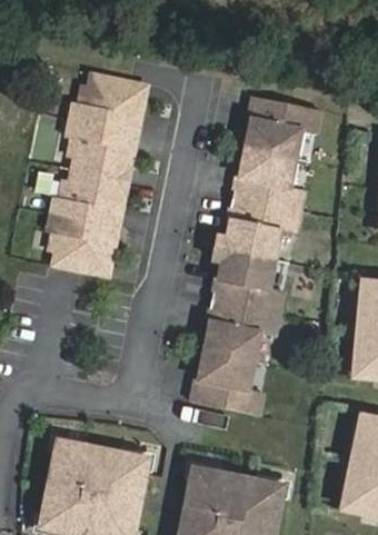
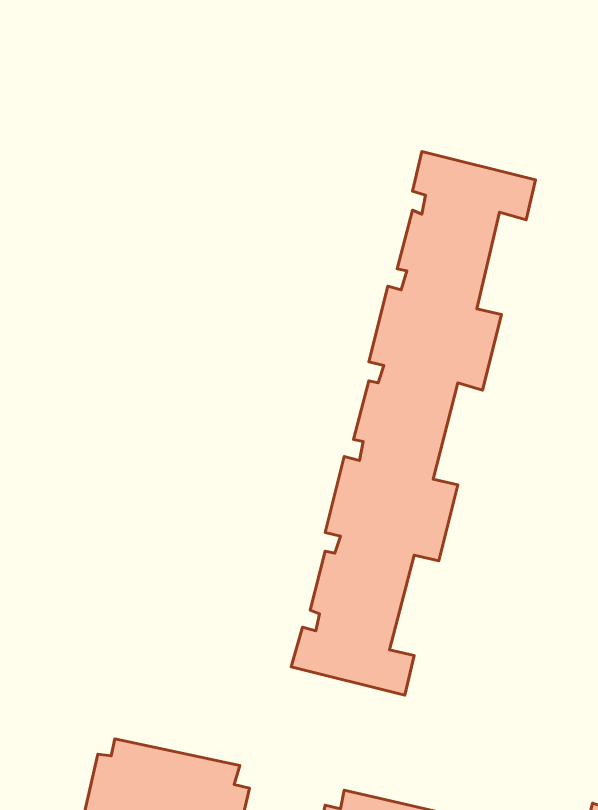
building: [41,67,146,267] -> none

